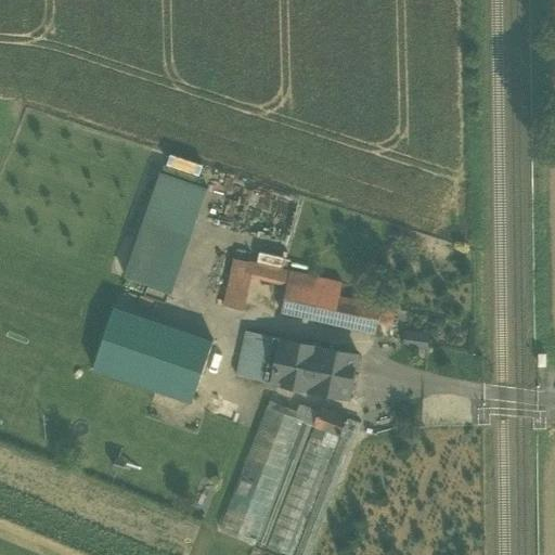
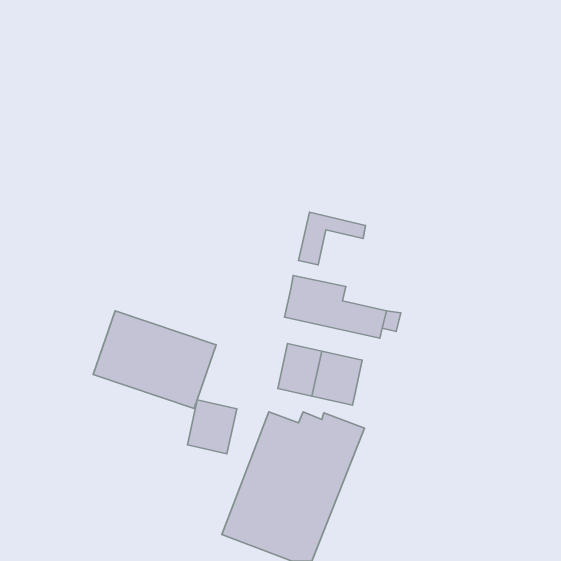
building: [125,172,207,293] -> none
building: [223,259,289,311] -> [299,212,366,265]
building: [235,331,284,384] -> [187,400,237,454]

